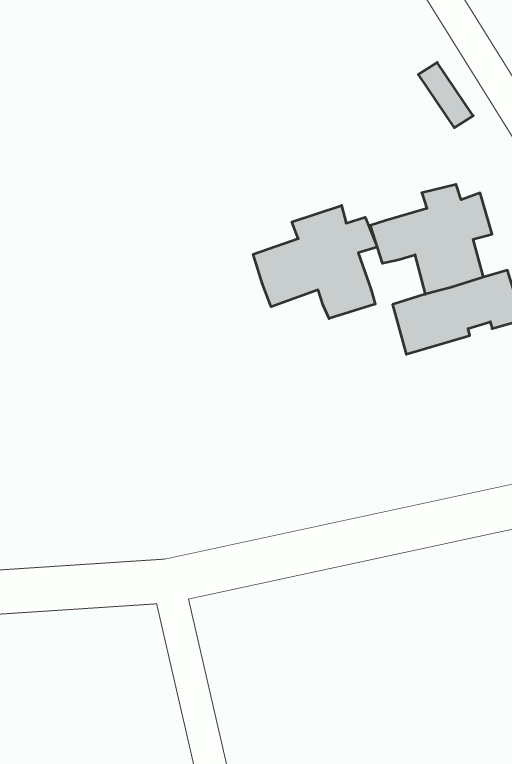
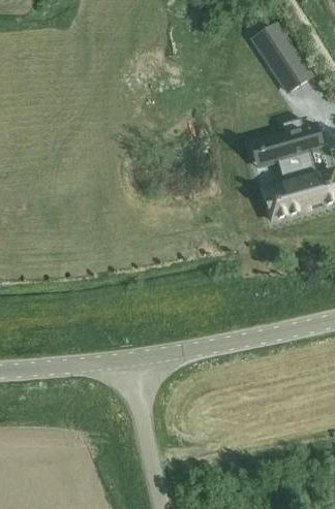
building: none -> [252,24,299,92]
building: [253,205,377,319] -> none

